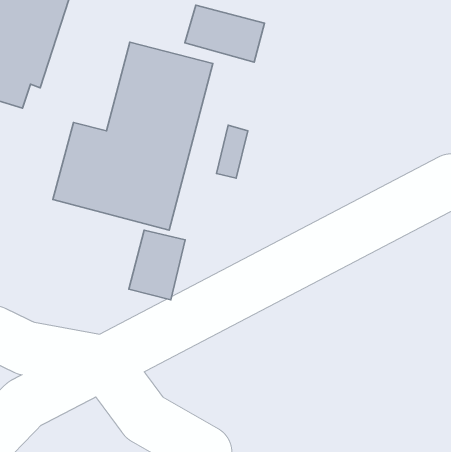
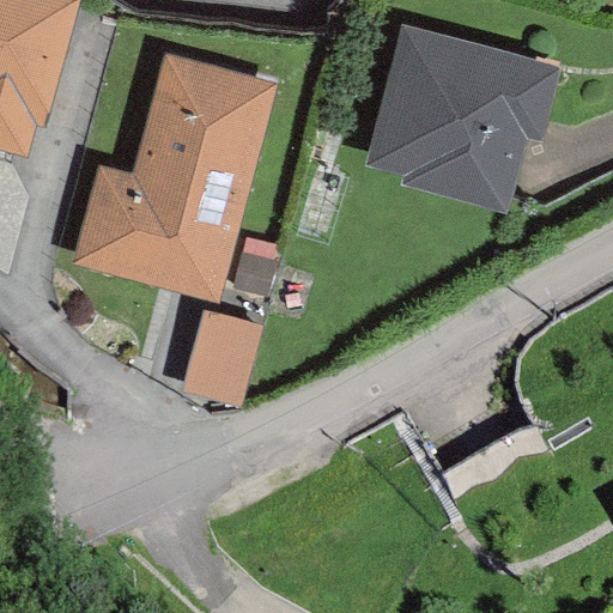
building: [185,5,264,62] -> none
building: none -> [366,24,535,186]

